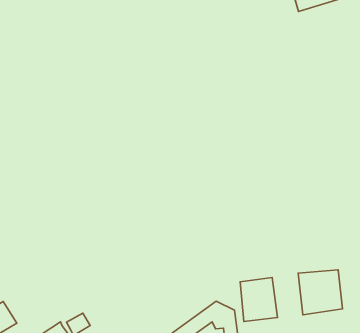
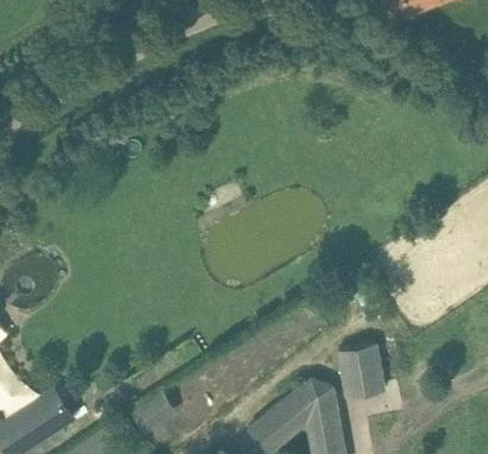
building: [298,270,342,315] -> none

